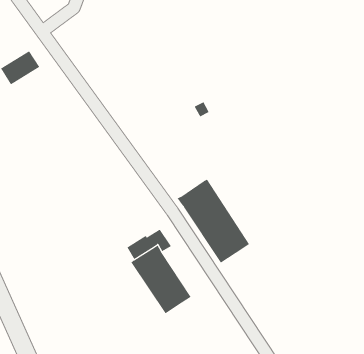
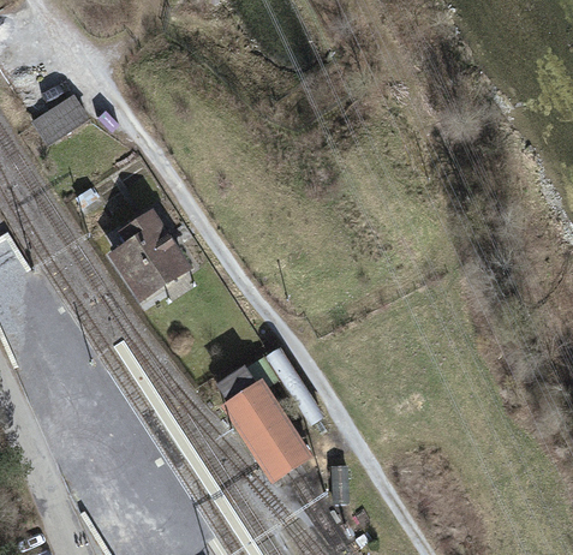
building: none -> [109,208,192,300]
building: [177,179,250,264] -> none

